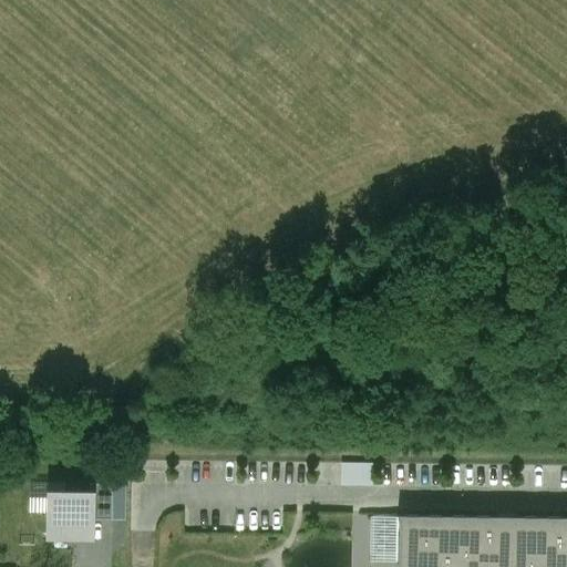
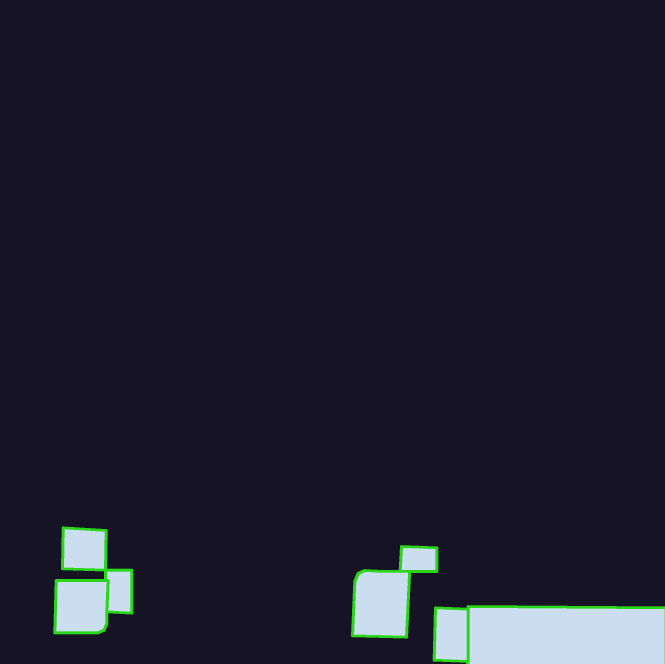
building: none -> [63,528,106,570]
building: none -> [353,571,410,637]

